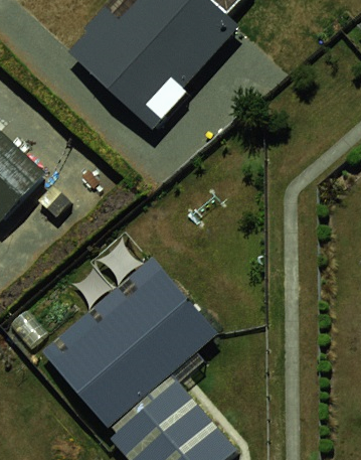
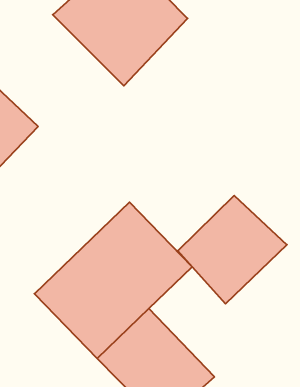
building: none -> [178,196,287,304]

